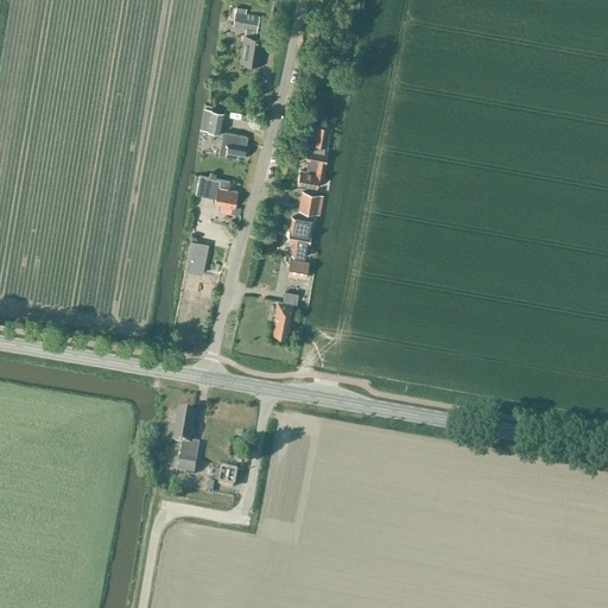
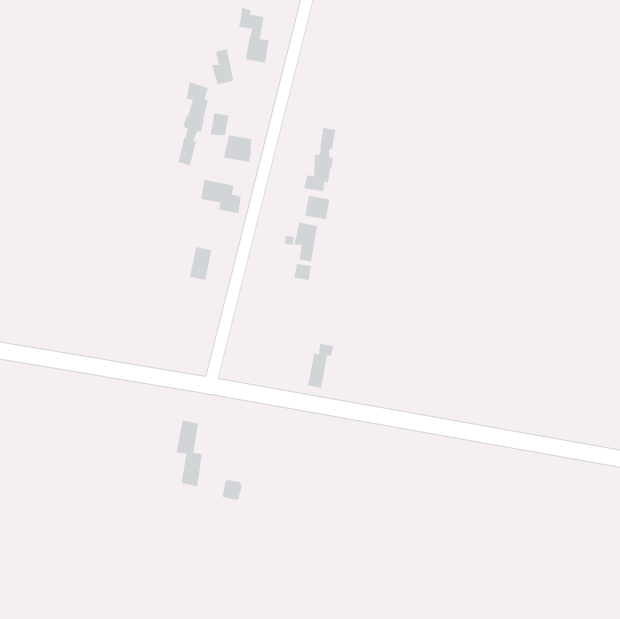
building: none -> [212,48,234,85]
building: none -> [178,81,209,166]
building: [272,293,298,337] -> [307,343,334,388]

